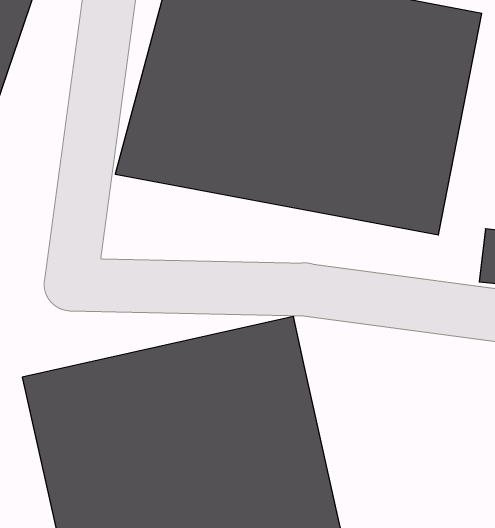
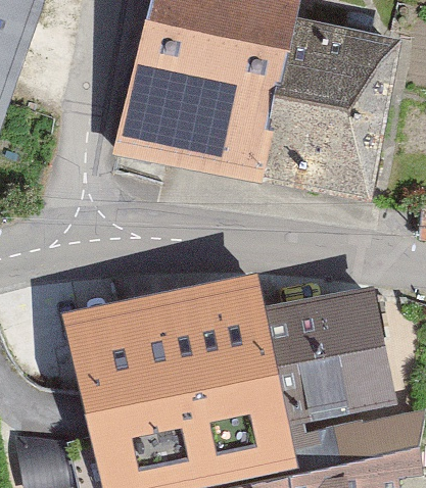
building: none -> [264,287,400,432]

